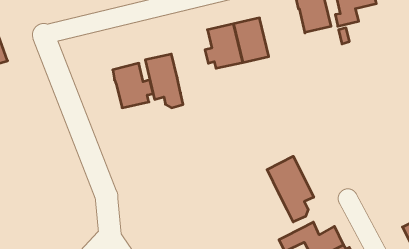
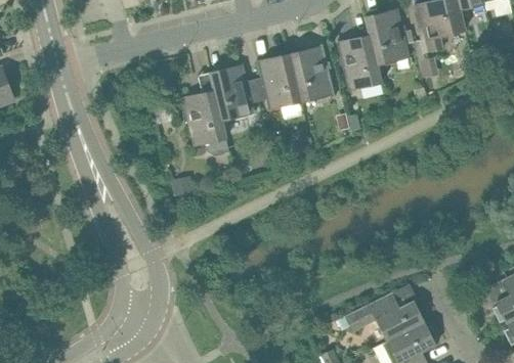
building: none -> [338,35,381,89]
building: [113,63,153,108] -> [210,64,259,119]
building: [267,156,314,222] -> none

